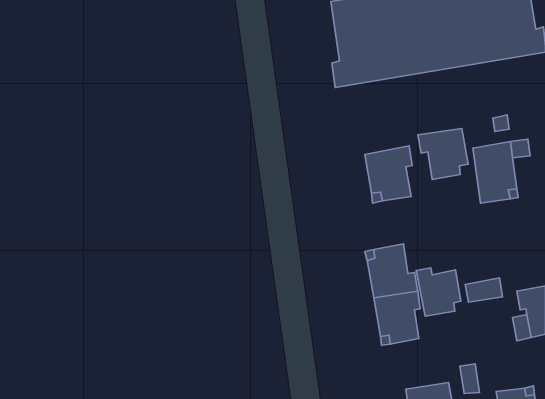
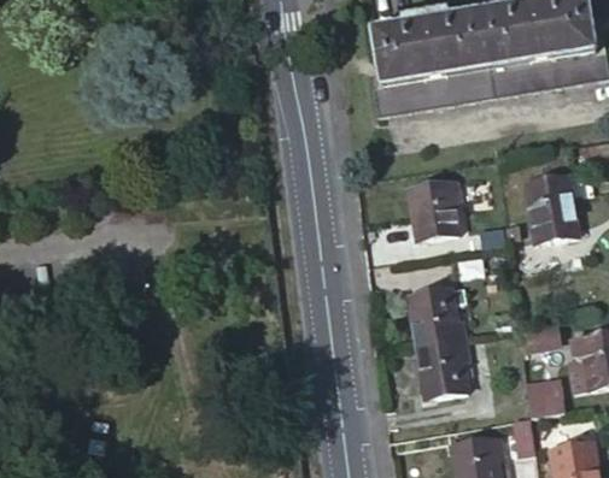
building: [418,128,468,180] -> none
building: [416,268,461,316] -> none
building: none -> [527,378,566,418]

